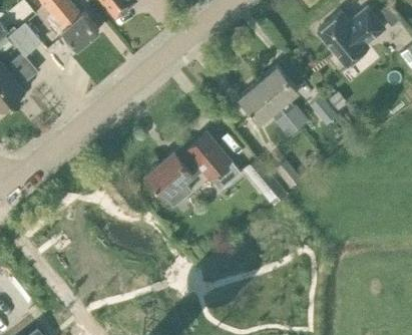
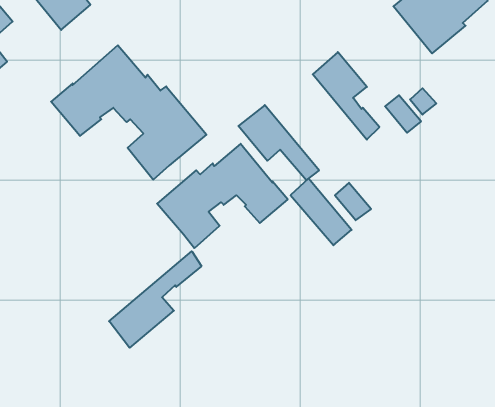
building: none -> [51,45,206,180]
building: [240,81,298,135] -> [238,105,319,180]
building: none -> [109,251,201,348]

